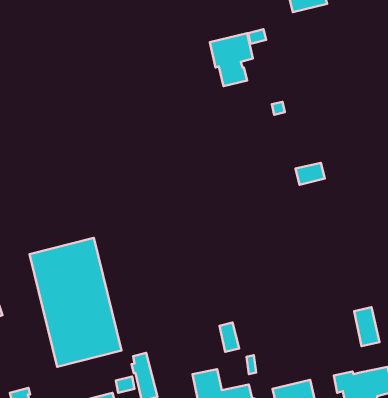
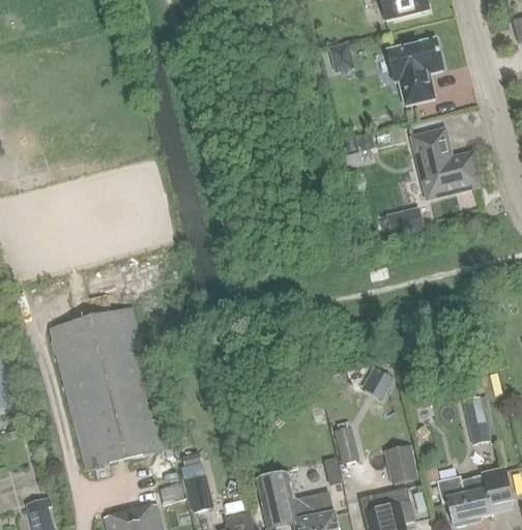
building: [210,33,253,86] -> [386,37,441,105]
building: none -> [413,131,479,197]
building: none -> [359,366,394,400]
building: [219,323,239,352] -> [334,426,358,464]
building: none -> [383,444,417,484]

